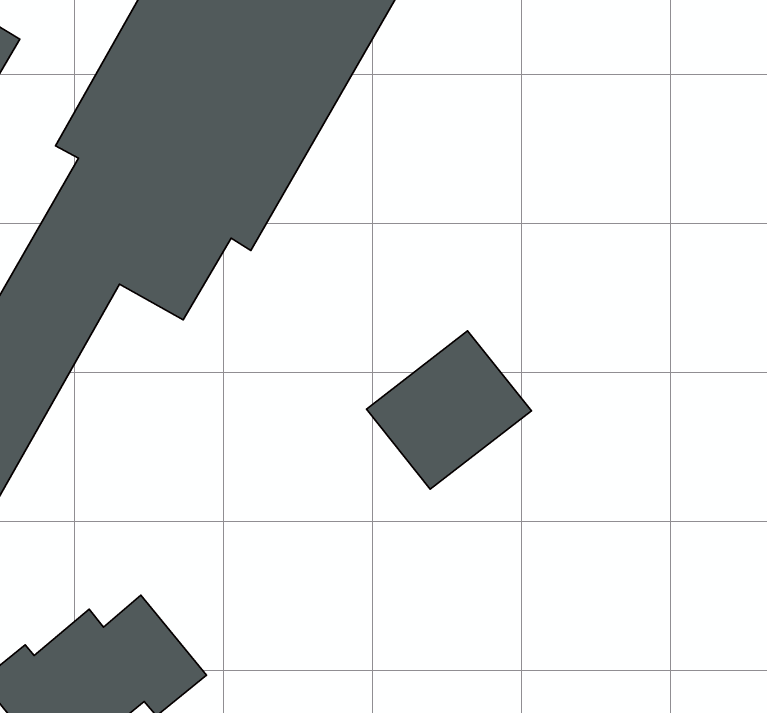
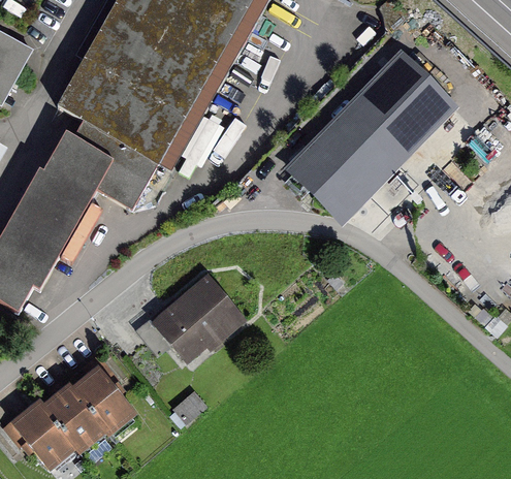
building: none -> [289,54,453,221]
building: [366,331,531,489] -> [150,274,246,365]

